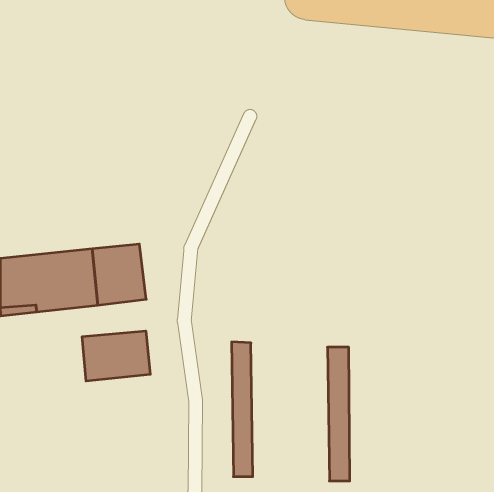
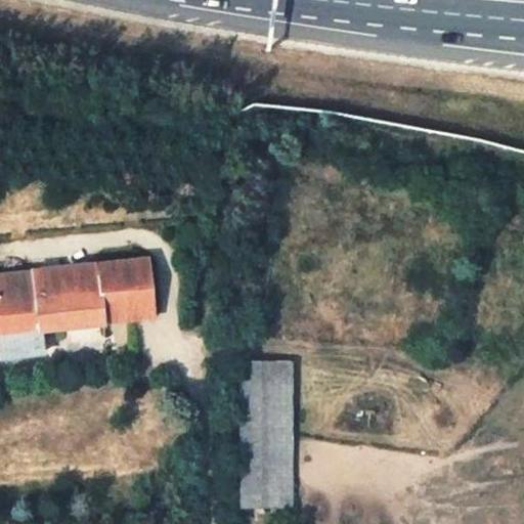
building: [82,331,150,381] -> none
building: [327,347,350,481] -> [266,362,290,504]

